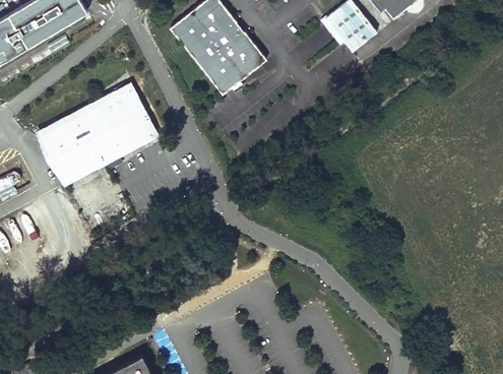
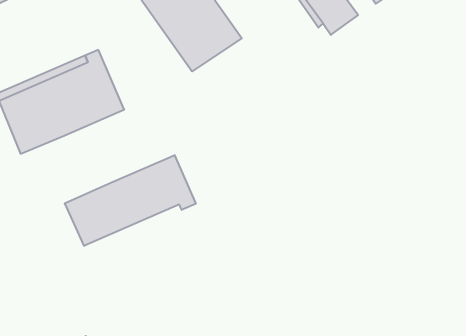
building: none -> [65,155,196,246]

